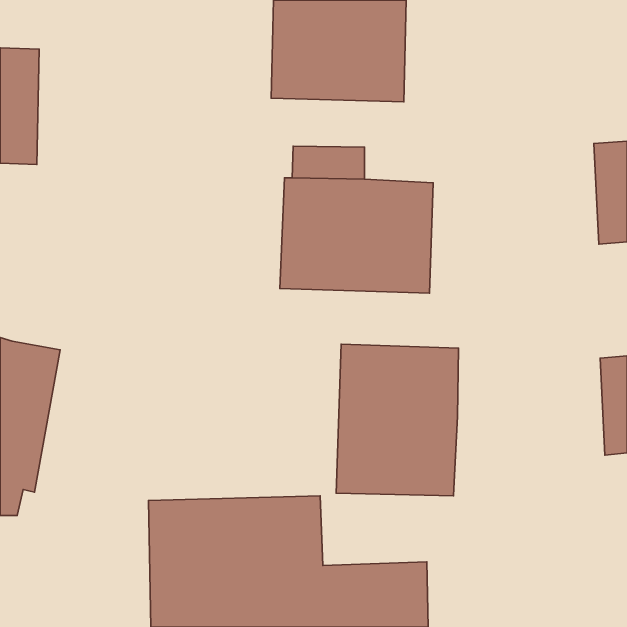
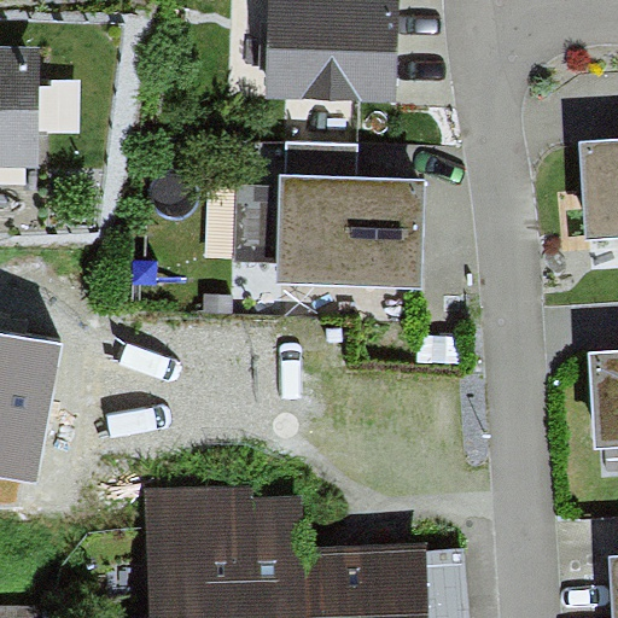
building: [336,344,458,496] -> none

